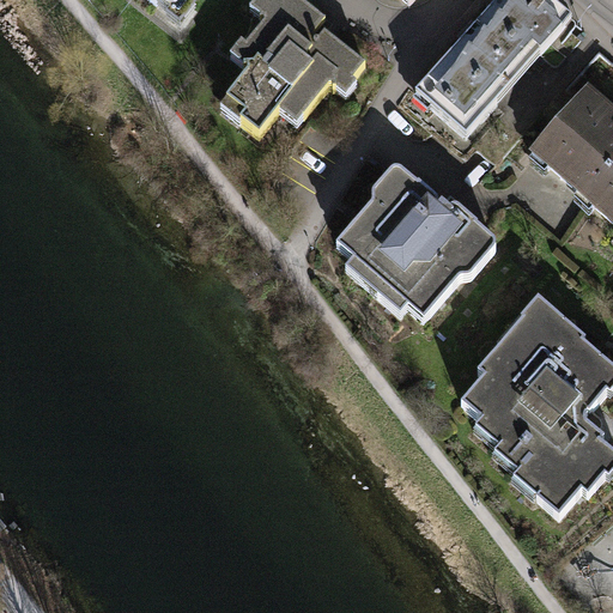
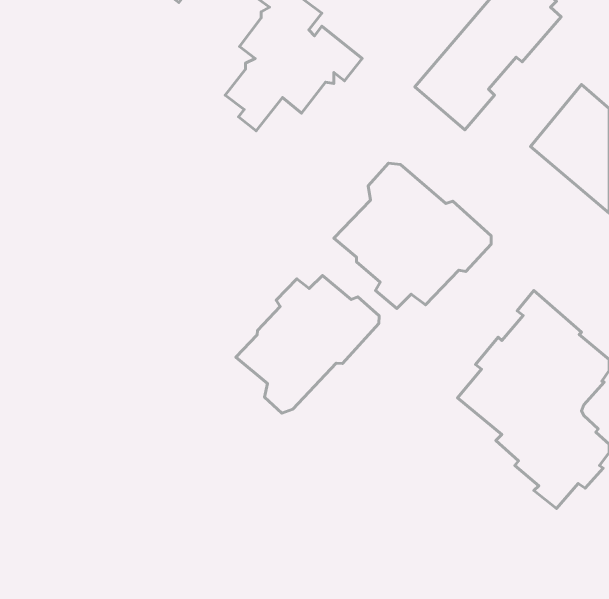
building: none -> [236,276,379,413]

